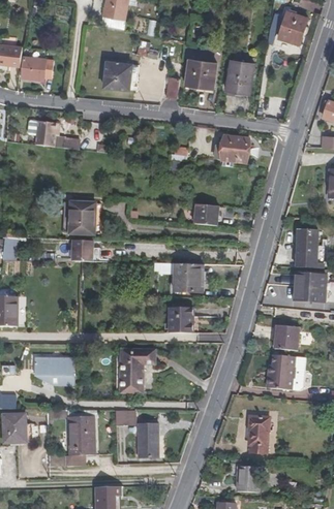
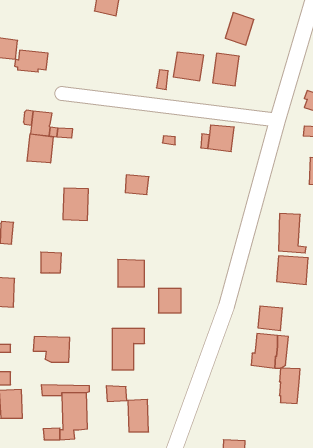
building: [277,10,307,44] -> [225,13,254,45]
building: [102,61,131,90] -> none
building: none -> [27,134,53,163]
building: [193,204,218,225] -> [125,175,149,195]
building: [71,240,93,261] -> [41,252,61,273]
building: [173,263,201,292] -> [118,259,144,287]
building: [247,416,269,453] -> [279,368,300,403]

